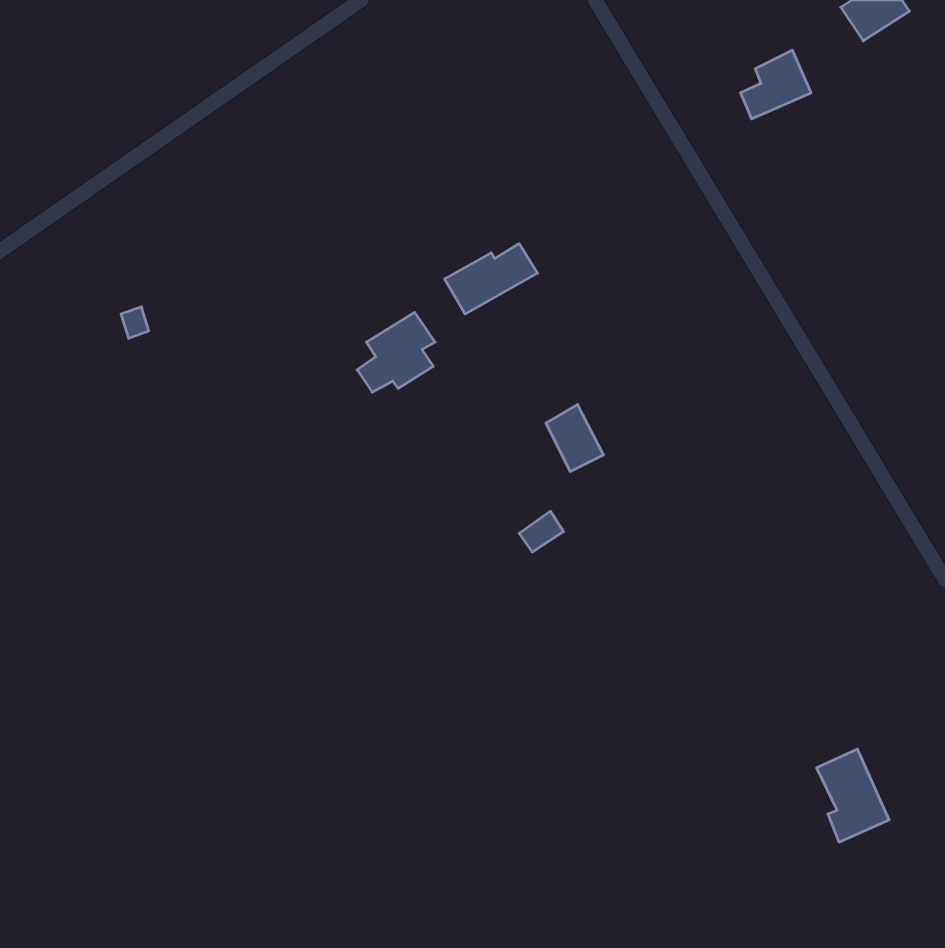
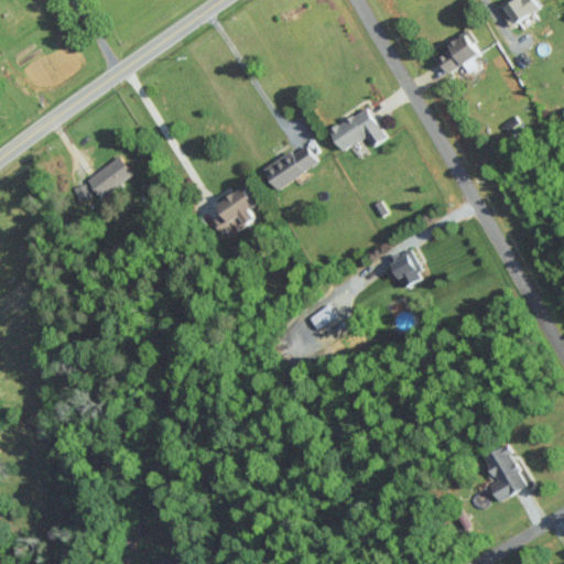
building: none -> [329,106,387,151]
building: none -> [86,155,131,198]
building: [546,404,604,471] -> [389,248,423,288]

